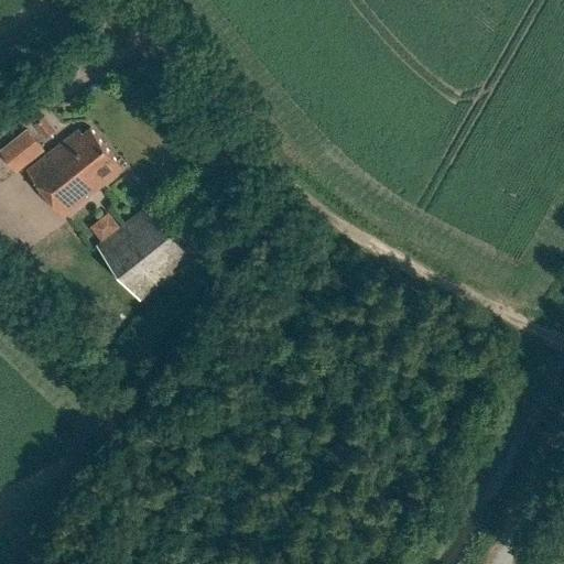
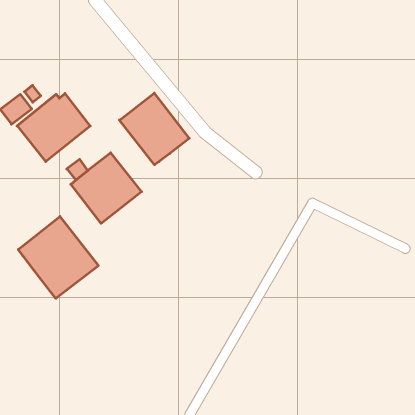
building: none -> [119,93,189,165]
building: none -> [18,216,98,298]

